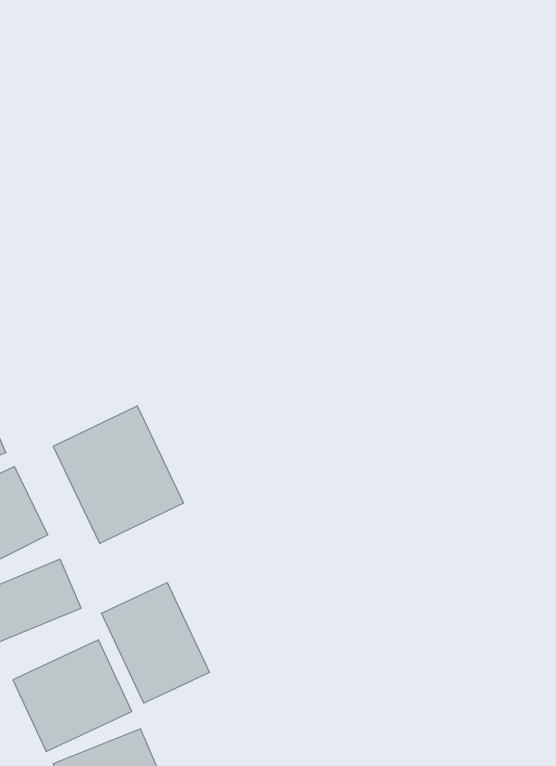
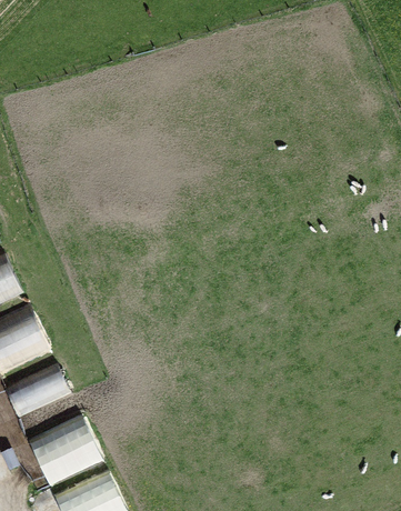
building: [53,406,184,544] -> none
building: [101,583,210,703] -> none

